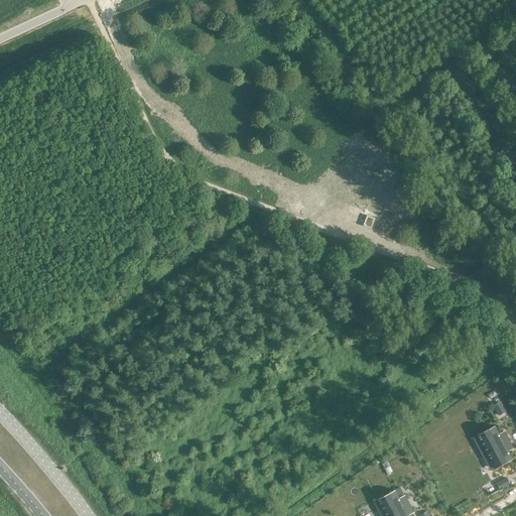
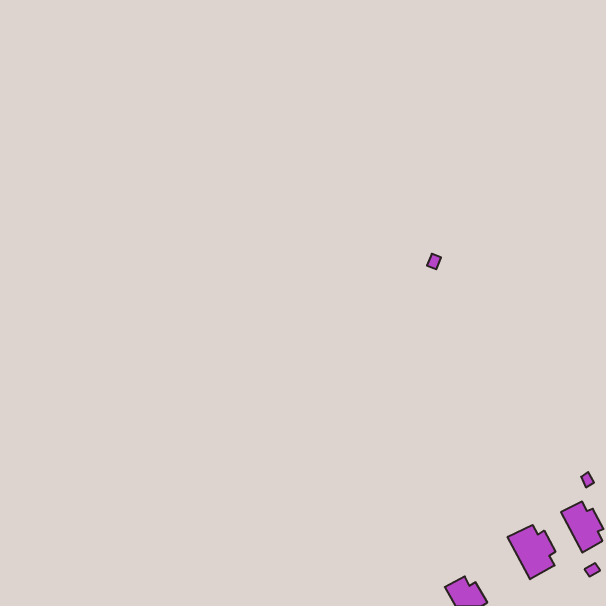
building: none -> [508,525,555,579]

